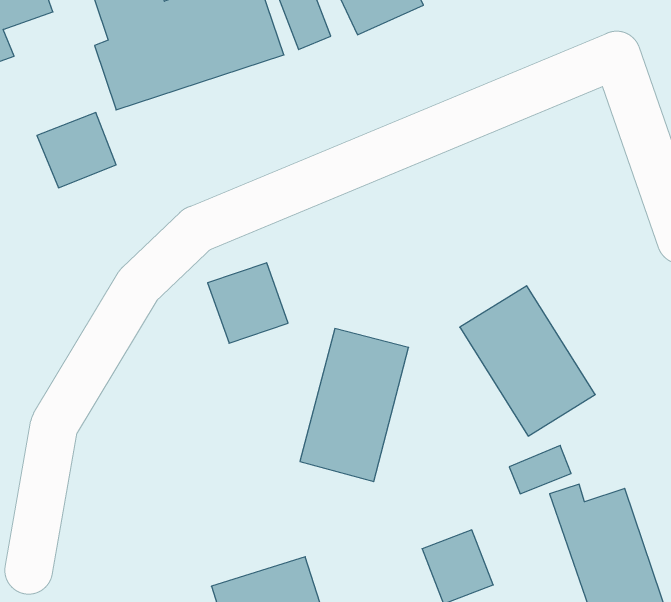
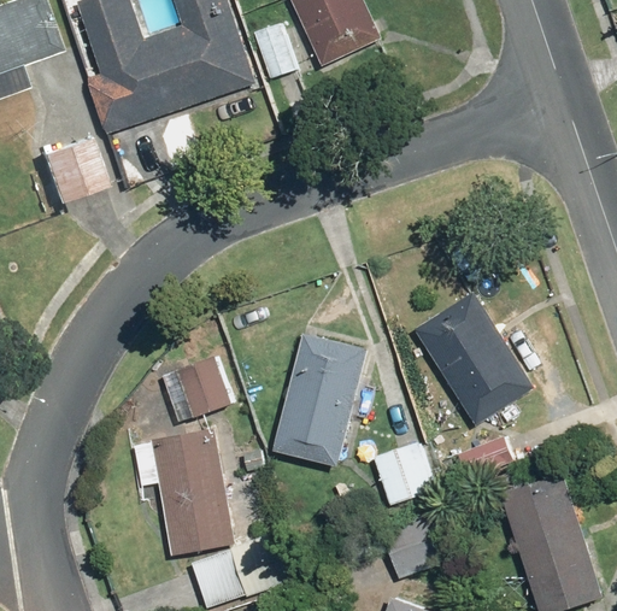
building: [208,263,288,343] -> [159,349,231,422]
building: none -> [133,427,234,554]
building: none -> [372,440,437,505]

